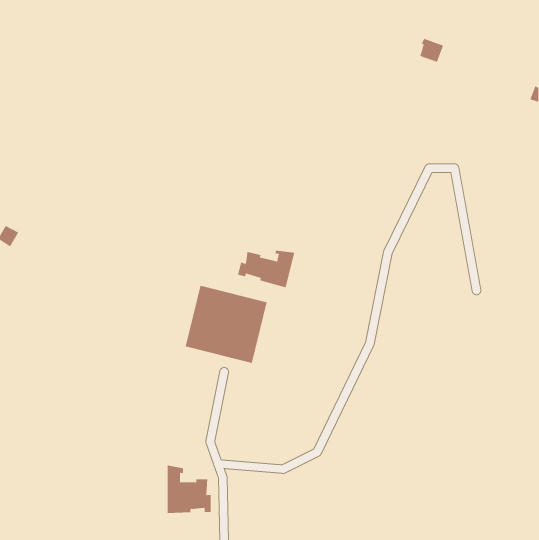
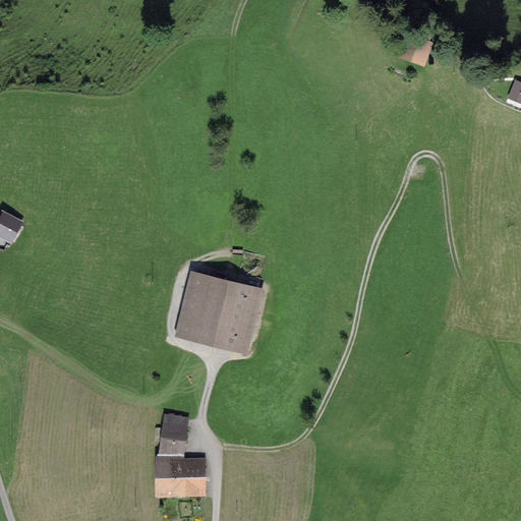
building: [237,250,295,288] -> none
building: none -> [160,416,186,451]

